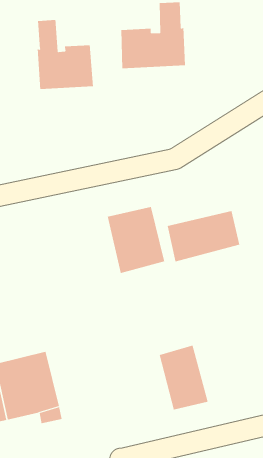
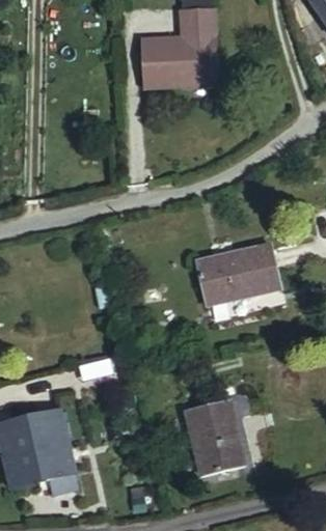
building: [37,19,94,90] -> none
building: [107,206,165,274] -> none

